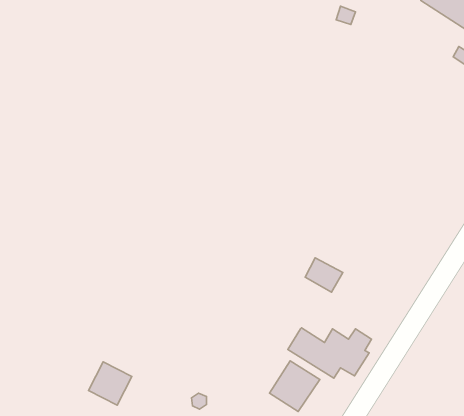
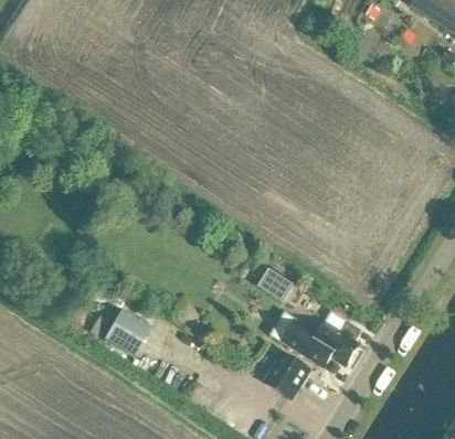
building: [305,258,343,292] -> [254,265,290,298]
building: [88,362,132,405] -> [104,312,146,354]

